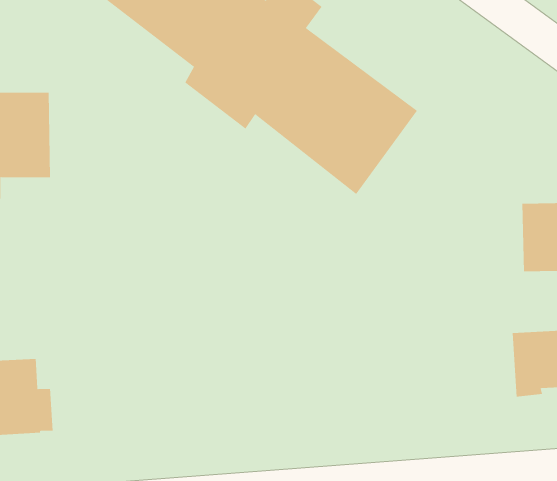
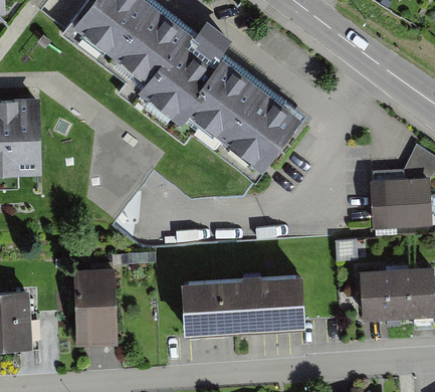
building: none -> [182,268,307,327]
building: none -> [70,269,118,351]

